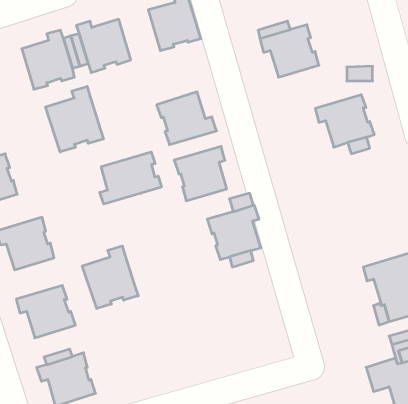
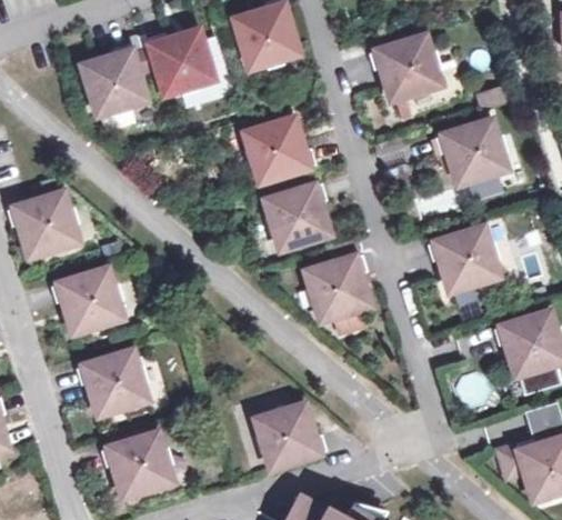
building: [46,86,103,152] -> none
building: [100,152,161,204] -> none
building: none -> [428,229,500,292]
building: [82,246,138,309] -> none
building: none -> [257,406,328,469]

